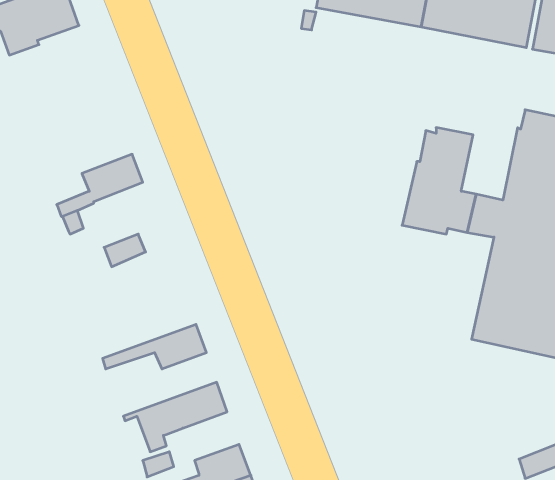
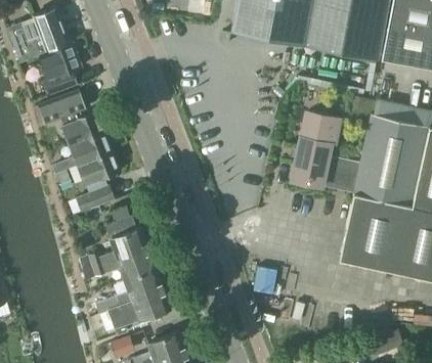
building: none -> [39,42,81,97]
building: none -> [39,92,104,146]
building: none -> [78,152,120,185]
building: none -> [79,218,148,274]
building: none -> [95,270,163,314]

